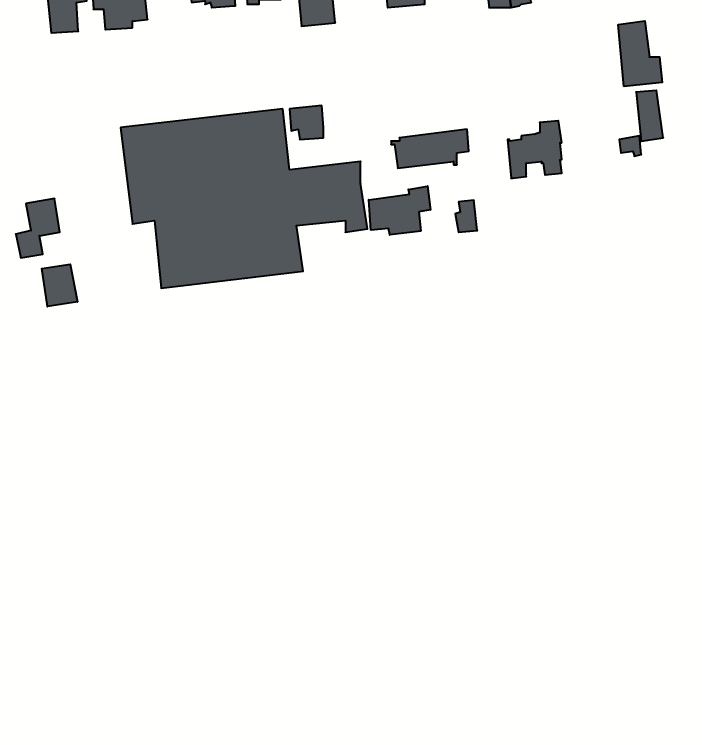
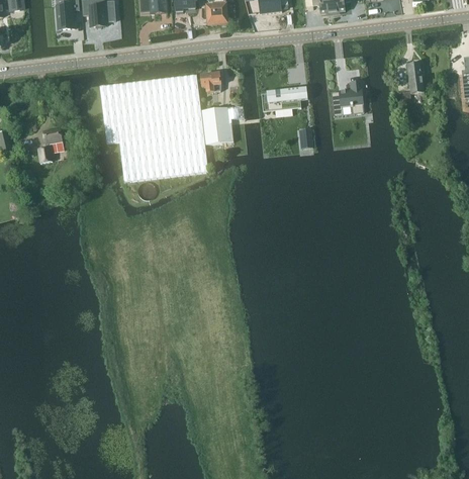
building: [618,21,662,86] -> none
building: [369,186,430,235] -> none
building: [42,264,77,307] -> none

